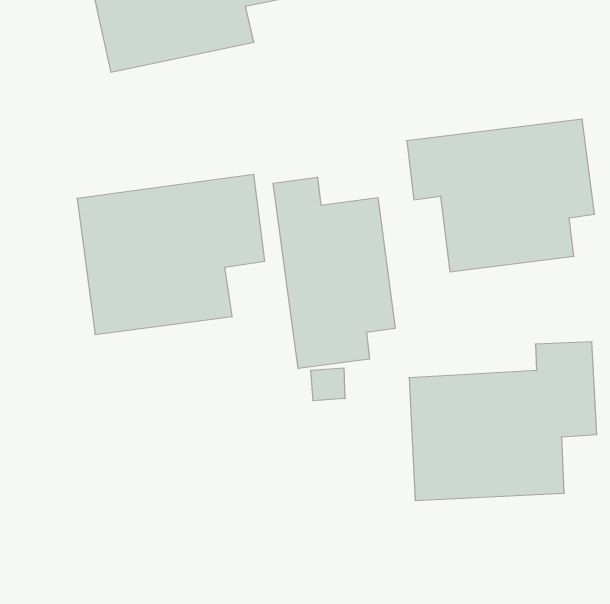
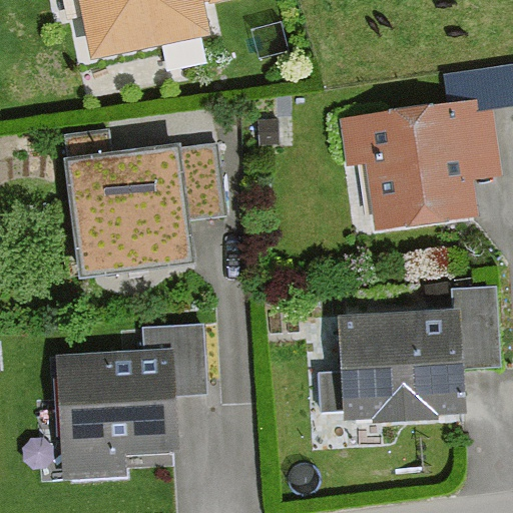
building: [273,177,395,369] -> none
building: none -> [53,322,202,479]

